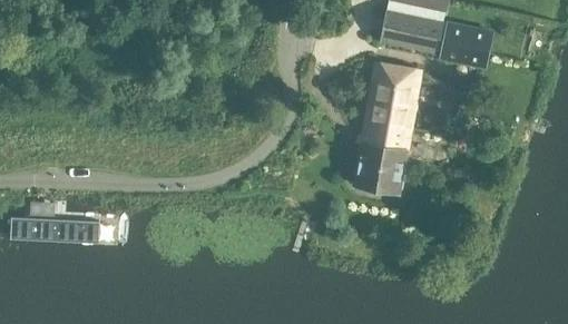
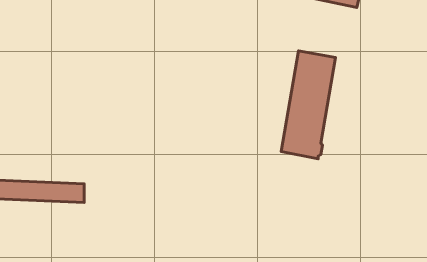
building: [381,10,443,52] -> none
building: [441,23,492,68] -> none

